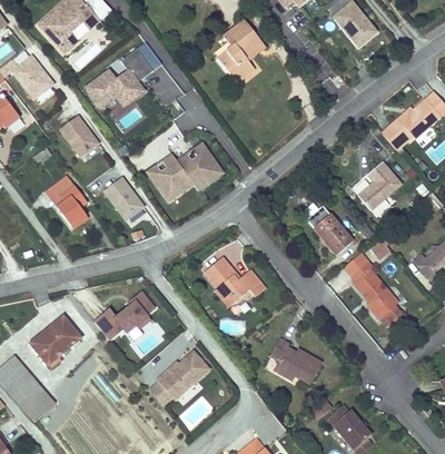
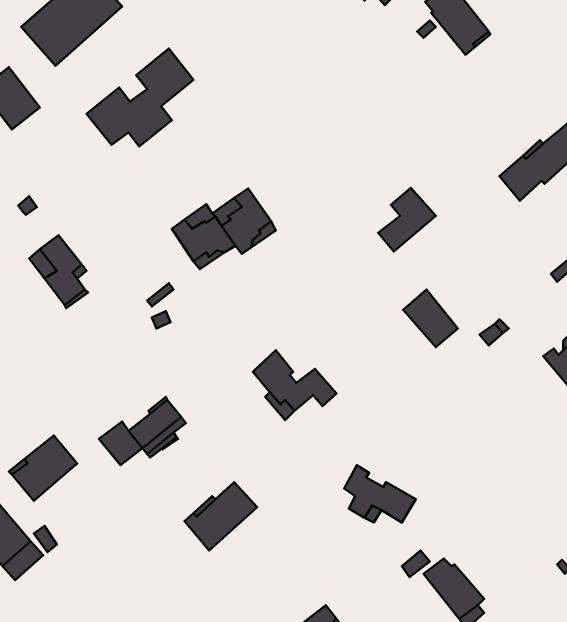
building: [218,19,264,80] -> none
building: [59,114,97,155] -> none
building: [357,162,398,208] -> [378,188,436,251]
building: [103,175,144,217] -> none
building: [346,255,403,326] -> none

